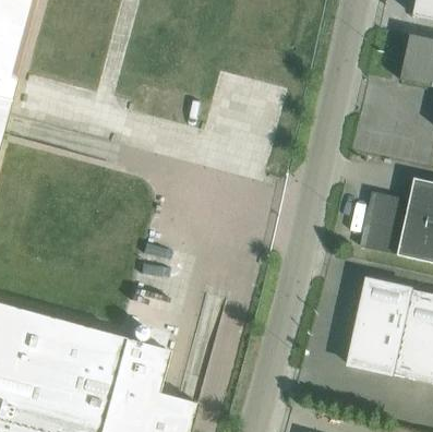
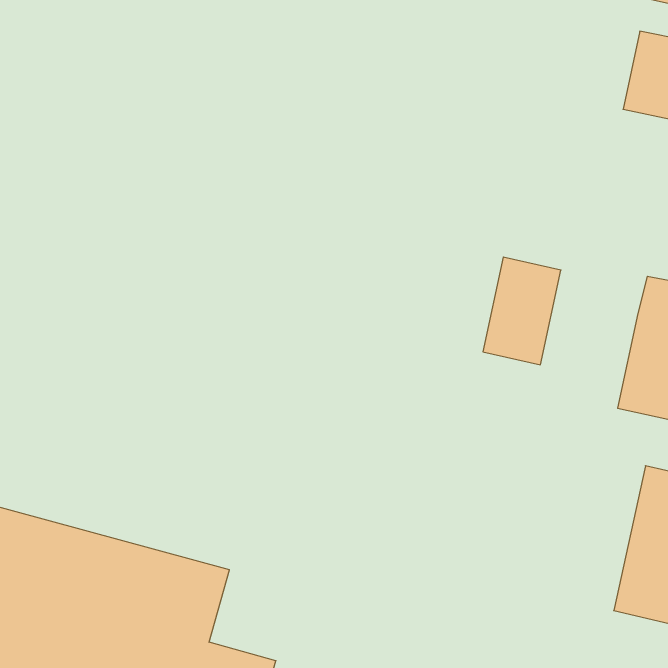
building: [364,192,410,255] -> [483,257,561,365]
building: [350,279,414,374] -> none

